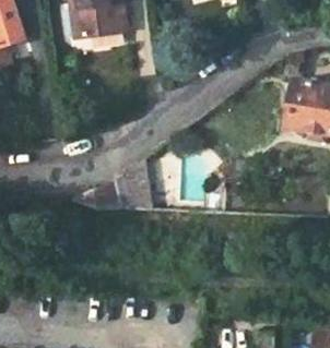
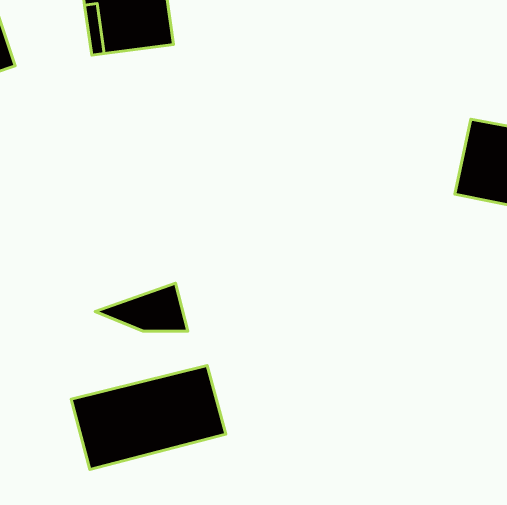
building: none -> [71,365,226,470]

